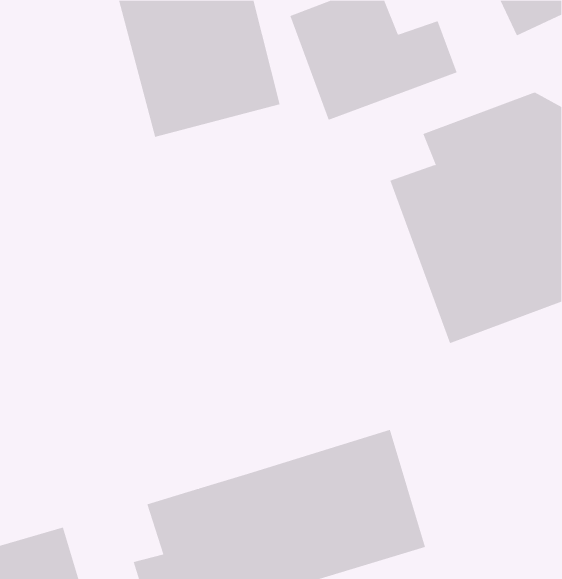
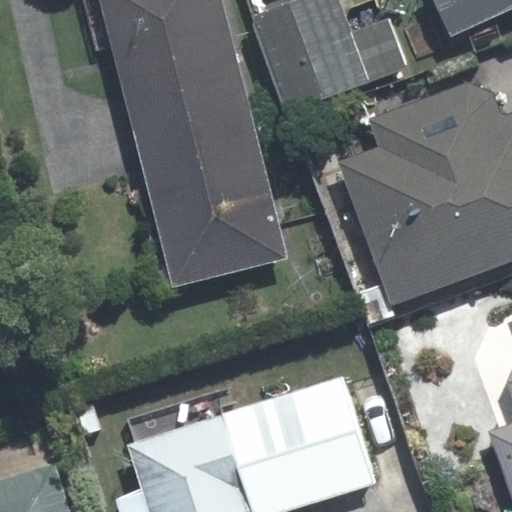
building: none -> [136,93,289,284]

